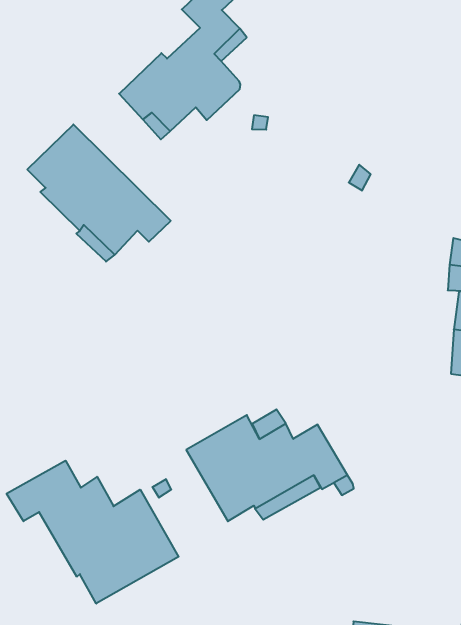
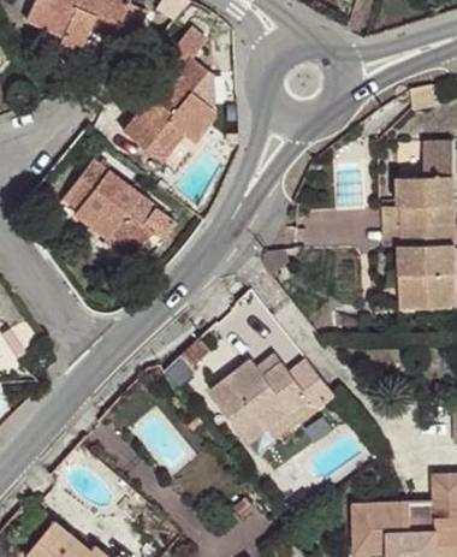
building: [7,461,179,604] -> none

